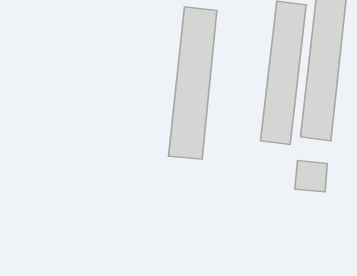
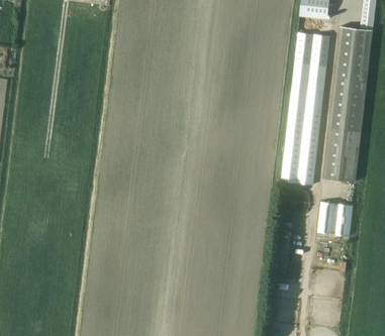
building: [169,7,217,159] -> none

